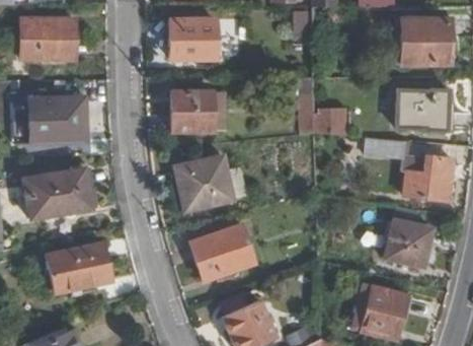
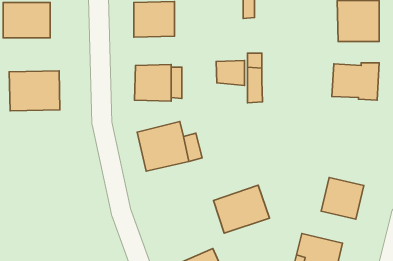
building: [316,108,348,136] -> [216,60,244,85]
building: [366,137,454,200] -> none
building: [23,168,91,220] -> none
building: [191,225,255,280] -> [214,185,270,233]
building: [48,244,110,293] -> none

